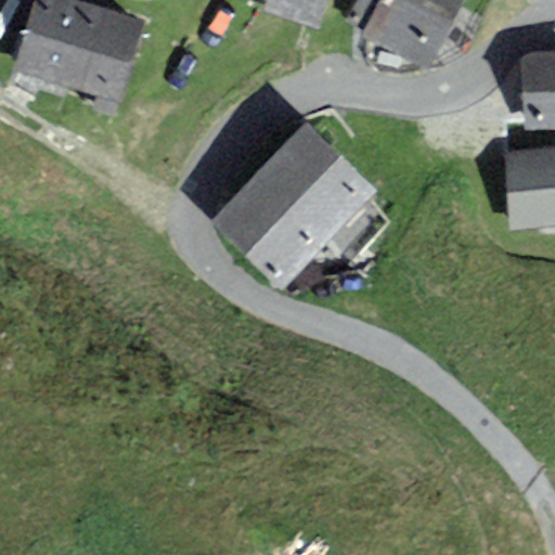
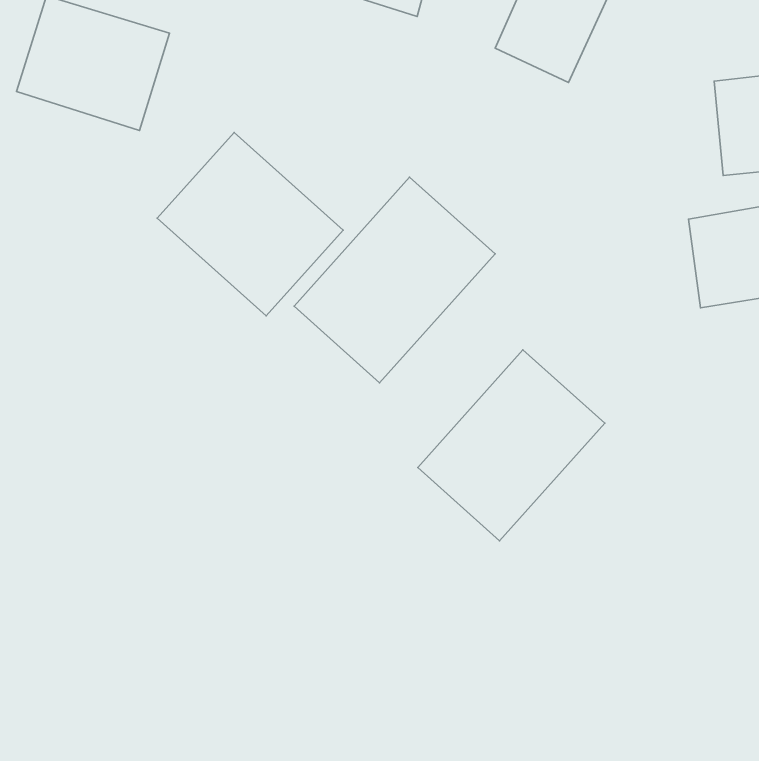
building: none -> [157,132,343,316]
building: none -> [418,350,605,541]

